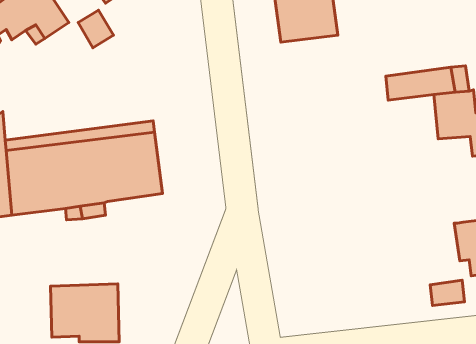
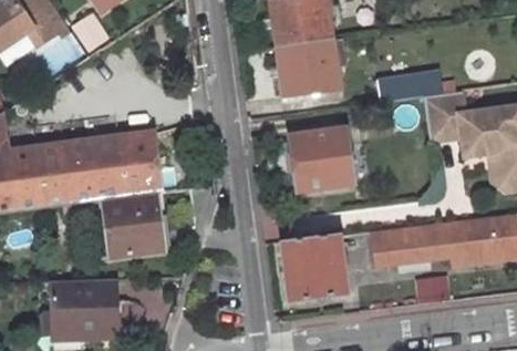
building: none -> [276,39,339,95]
building: none -> [280,130,349,192]
building: none -> [107,193,170,259]
building: none -> [366,221,449,268]
building: none -> [281,235,347,302]

